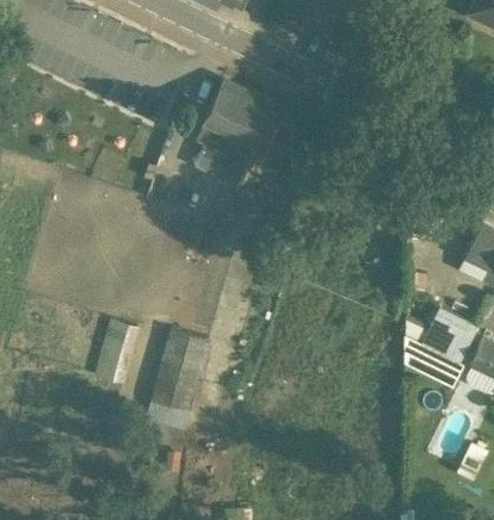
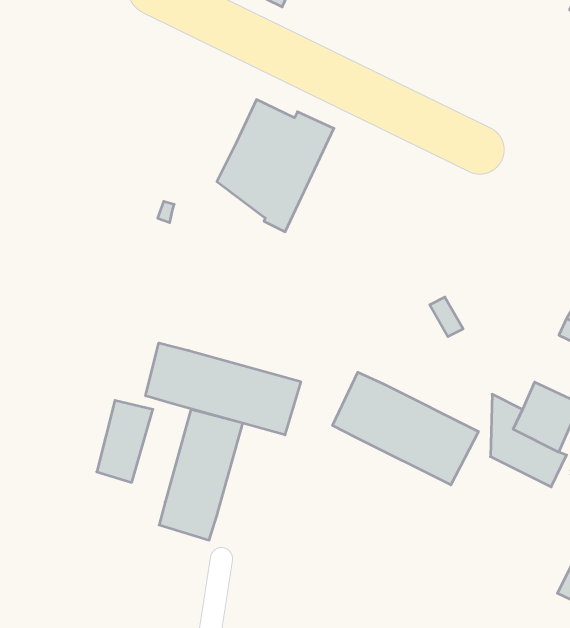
building: none -> [146,343,301,435]
building: none -> [333,372,478,485]

